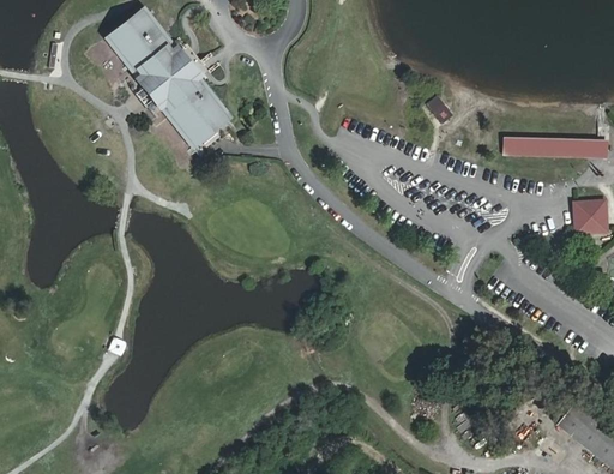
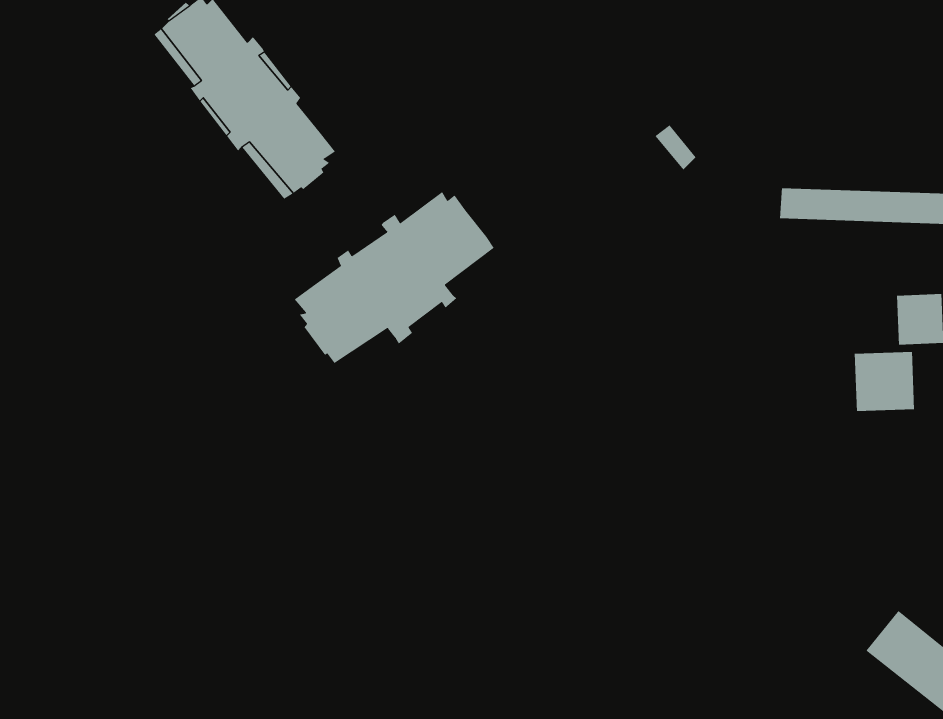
building: none -> [294,191,494,364]
building: none -> [854,351,915,412]

